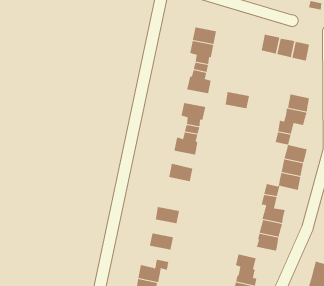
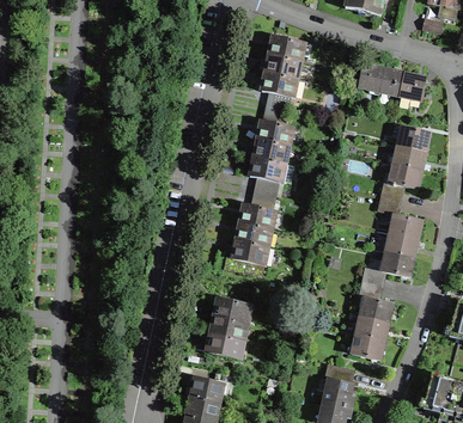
building: none -> [268,36,301,60]
building: none -> [397,125,428,151]
building: [224,91,250,109] -> [252,139,287,163]
building: none -> [236,222,269,246]
building: none -> [209,315,244,339]

